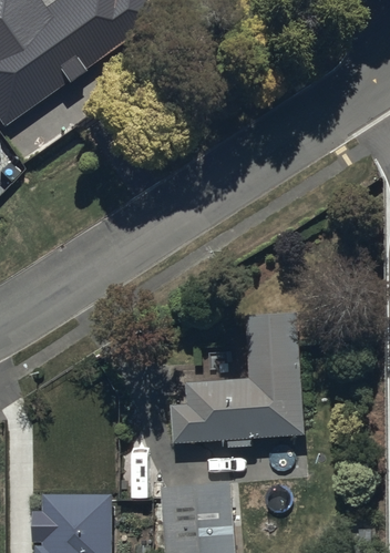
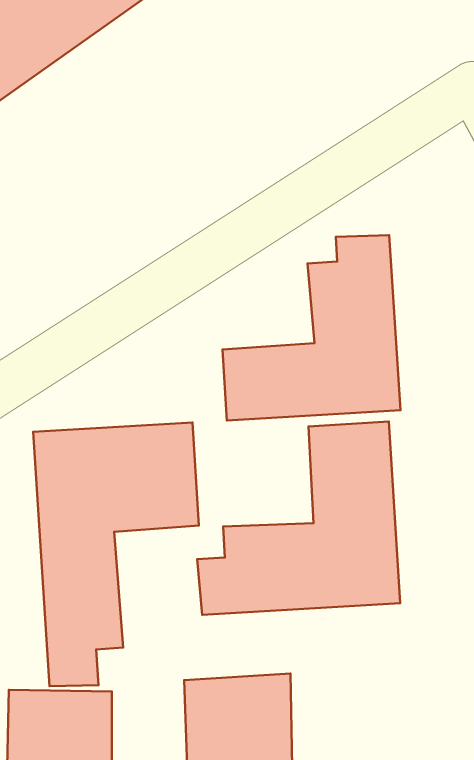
building: none -> [223,235,400,421]
building: none -> [33,422,199,686]

